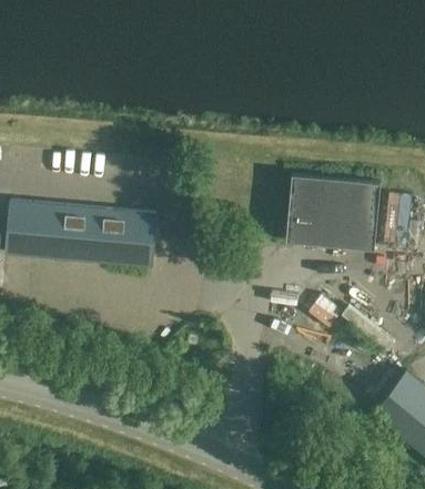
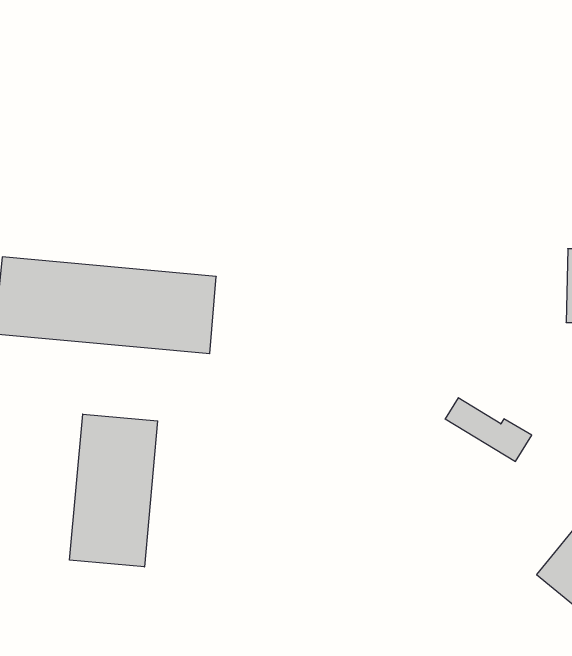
building: [286,176,381,251] -> none
building: none -> [70,414,158,567]

